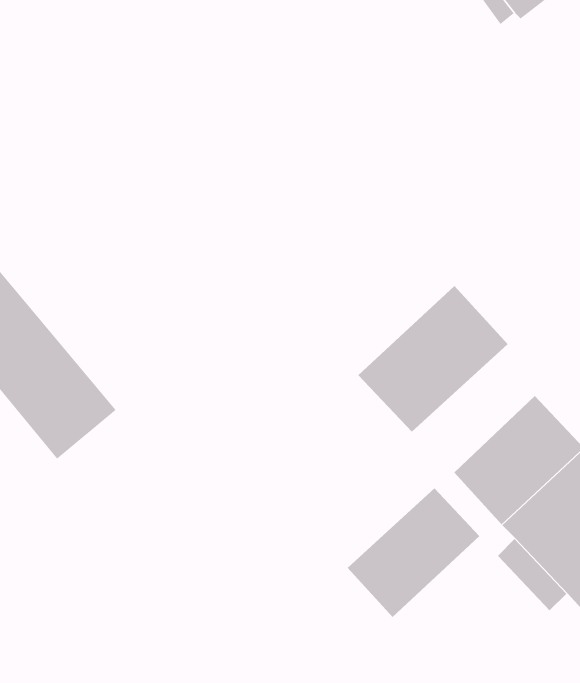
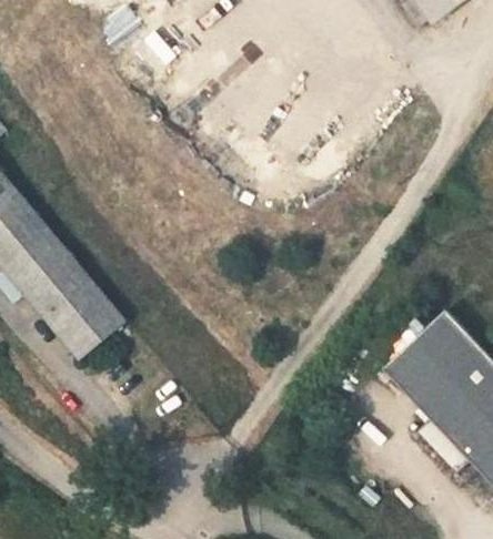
building: [358,285,508,433] -> none
building: [347,488,480,618] -> none

